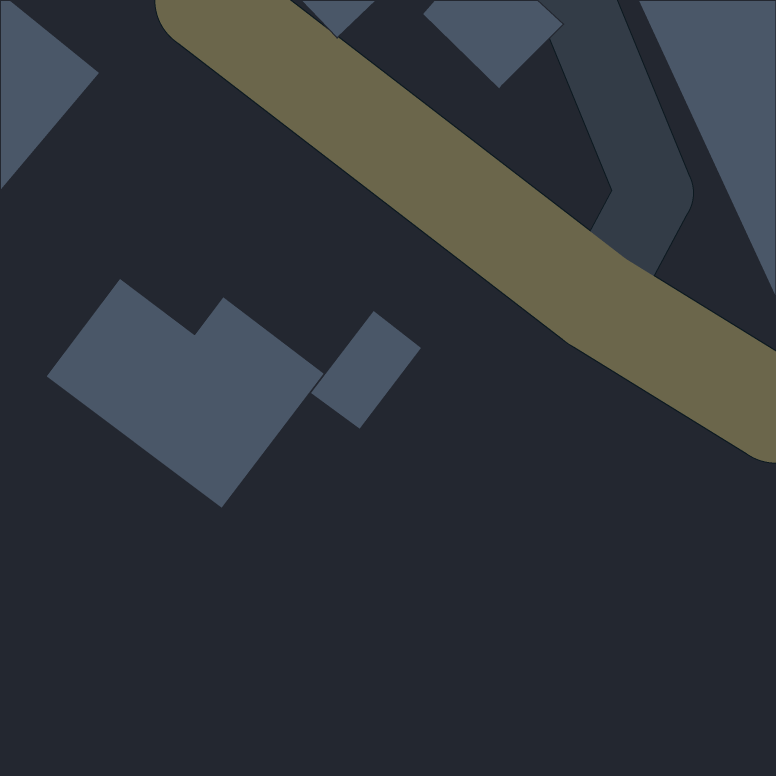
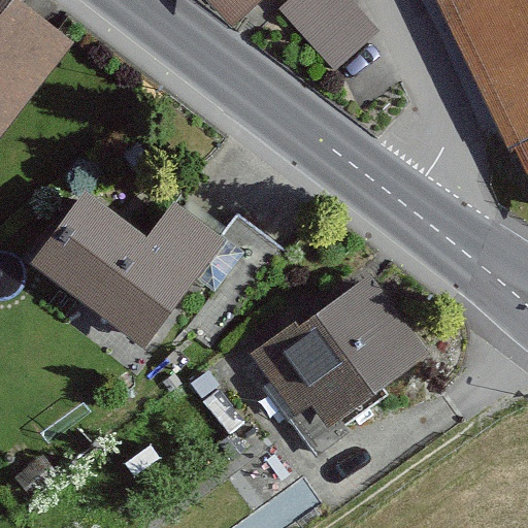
building: none -> [245,270,427,443]

